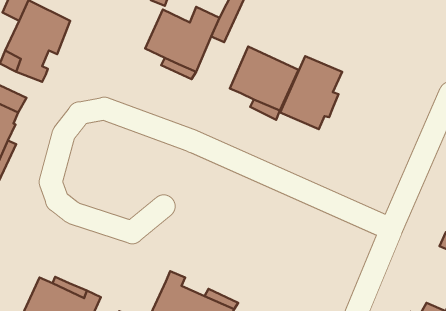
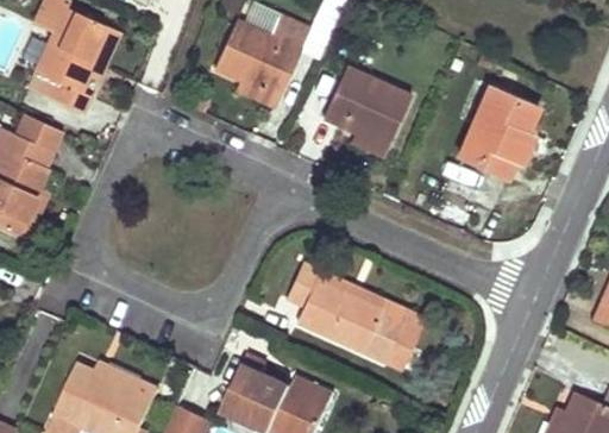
building: [280,56,342,129] -> [458,86,538,180]
building: none -> [287,261,422,371]

